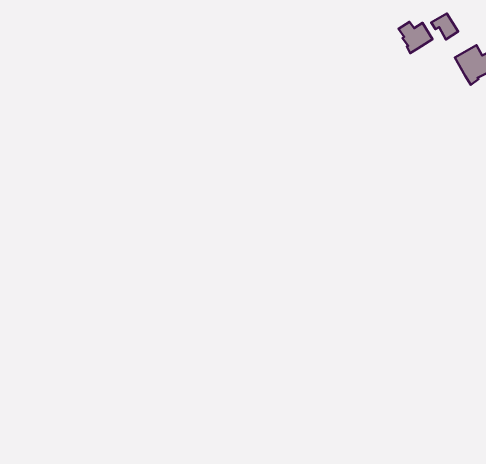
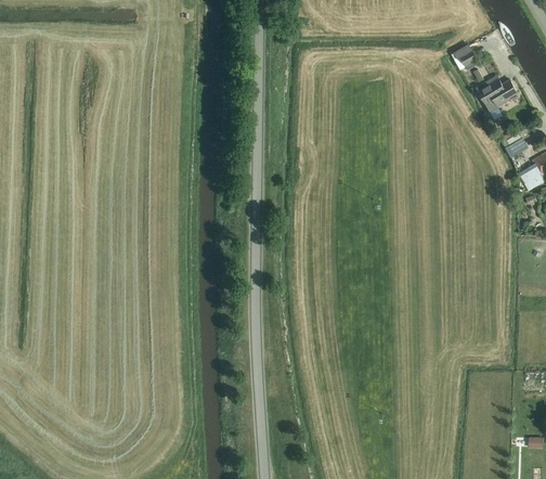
building: [398,22,433,53] -> none

